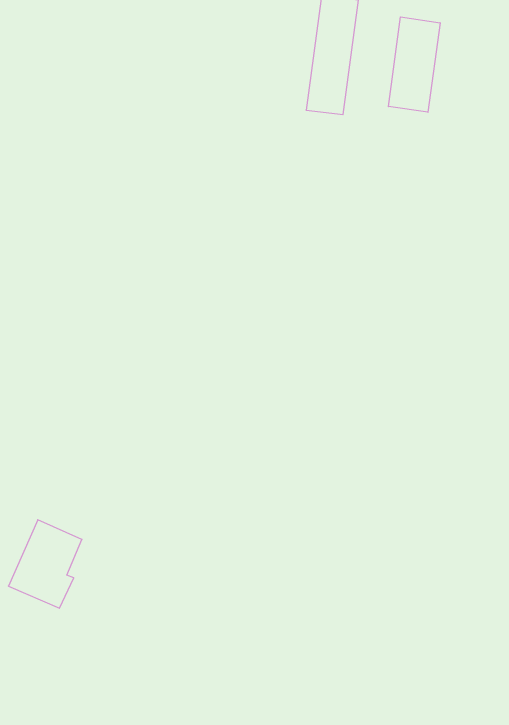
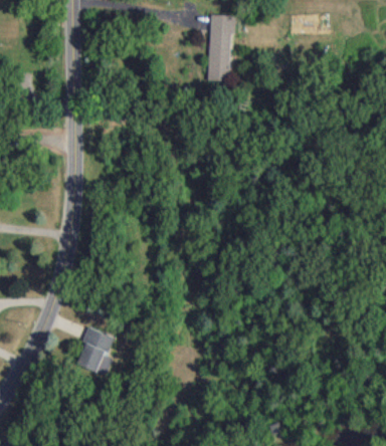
building: [388,17,440,112] -> none

